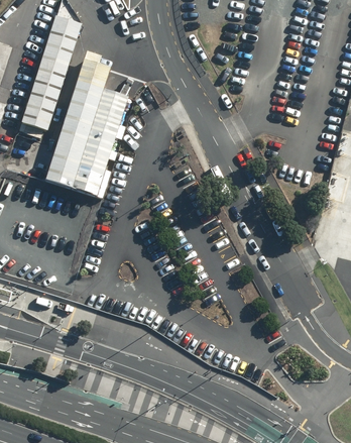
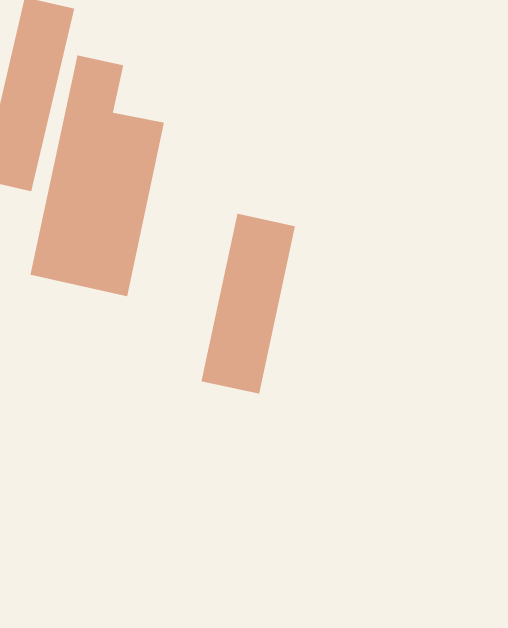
building: none -> [201,213,296,395]

